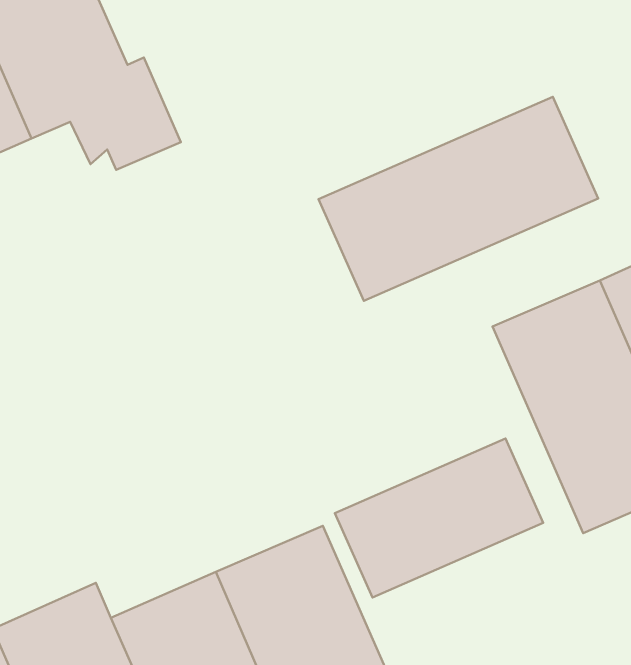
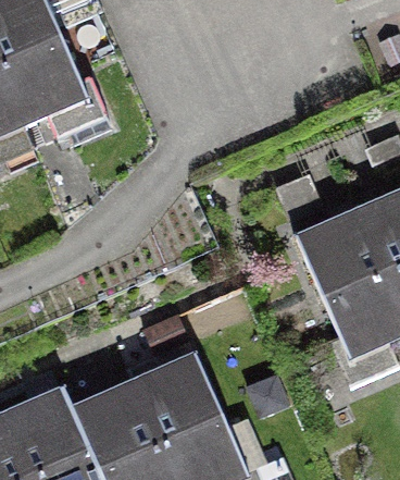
building: [319,97,598,301] -> none
building: [335,439,543,597] -> none

